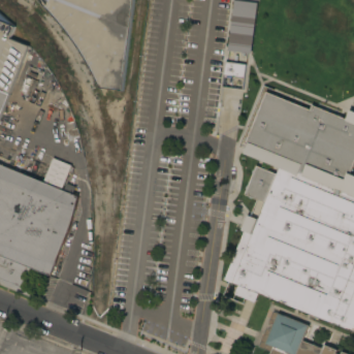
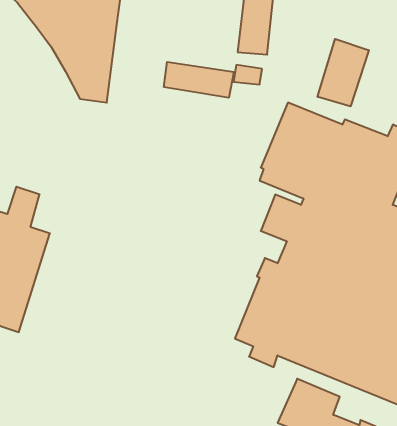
building: none -> [318,39,369,106]
building: none -> [164,62,234,98]

